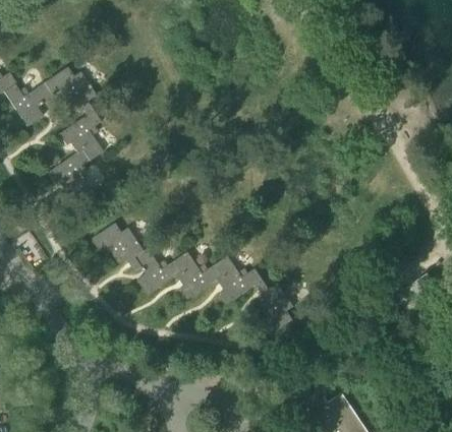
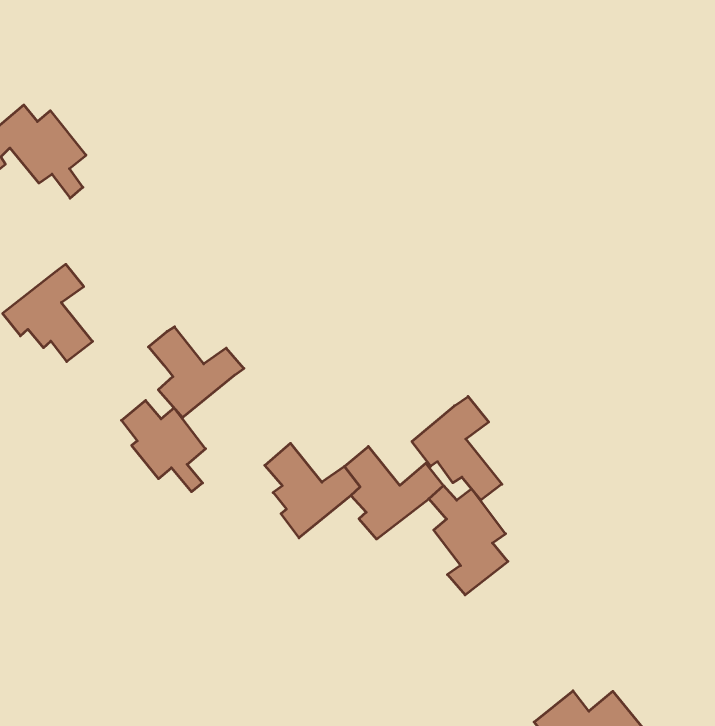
building: [57,111,103,162] -> none
building: none -> [412,396,502,500]
building: [133,248,181,295] -> [148,327,244,418]

